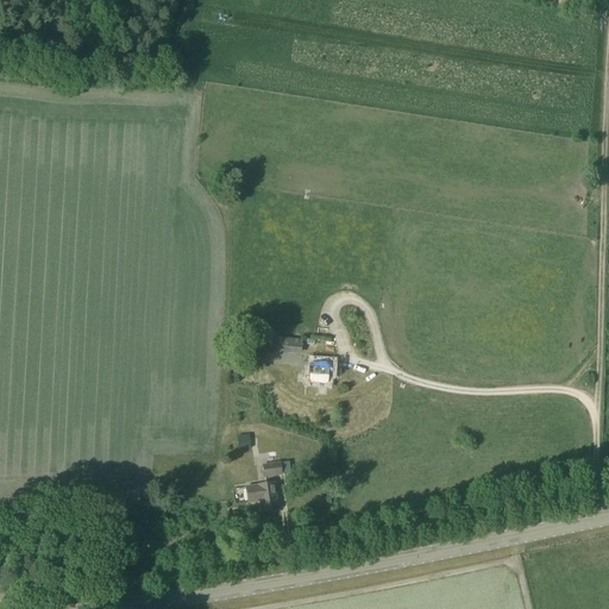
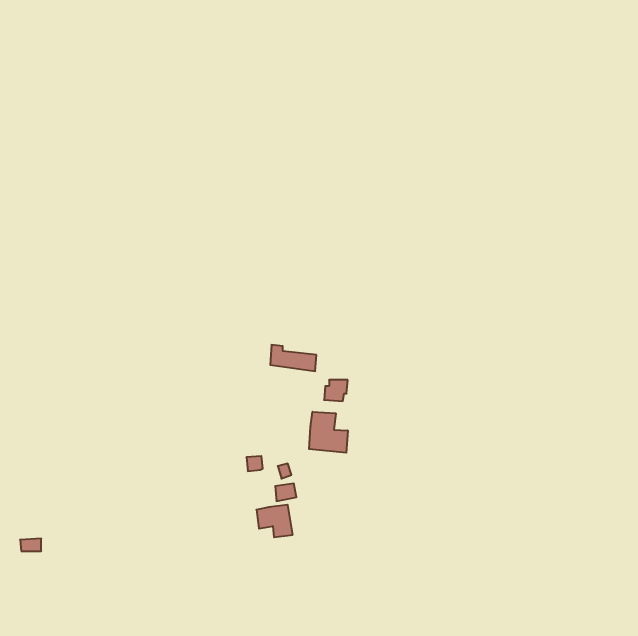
building: none -> [309,412,348,453]

